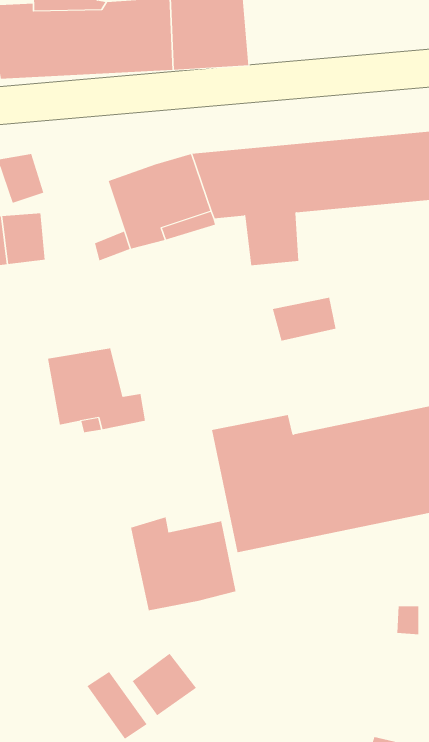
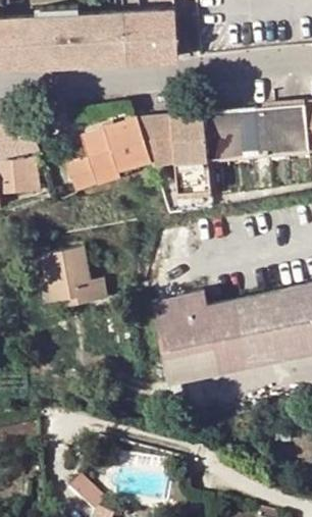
building: [272,297,336,341] -> none
building: [131,517,236,611] -> none
building: [132,653,197,716] -> none

